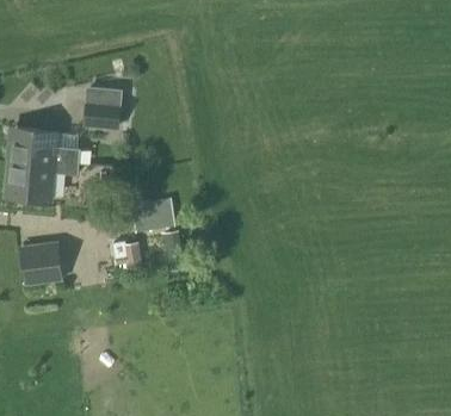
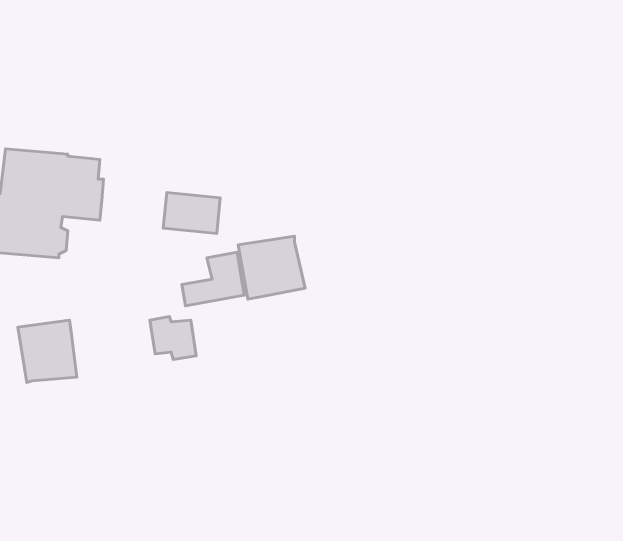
building: [82,103,121,130] -> [163,192,220,233]
building: none -> [238,236,305,299]

